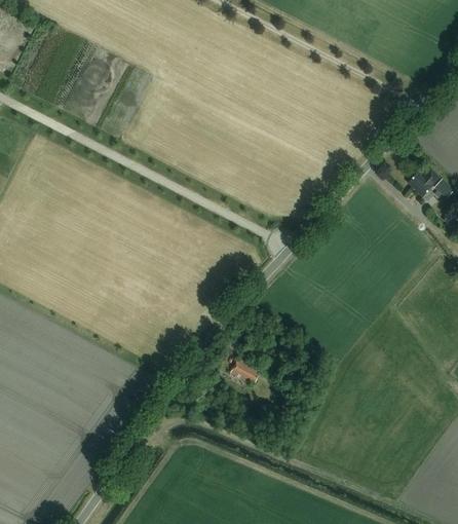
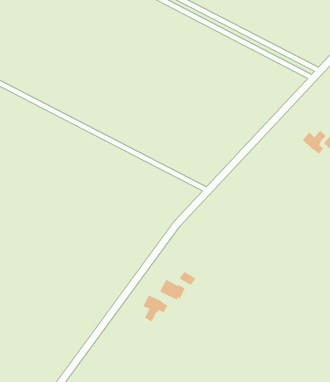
building: none -> [143,295,168,322]

